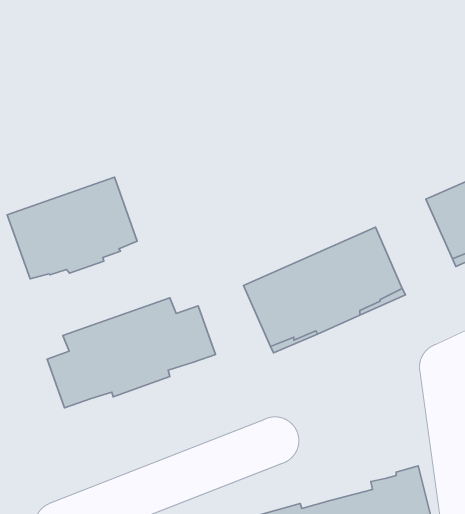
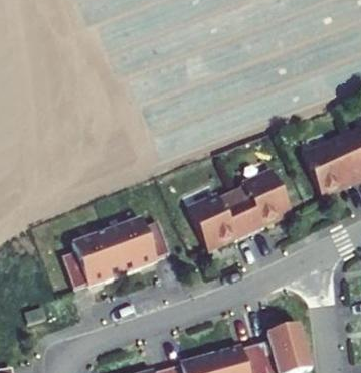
building: [7,177,137,279] -> none

